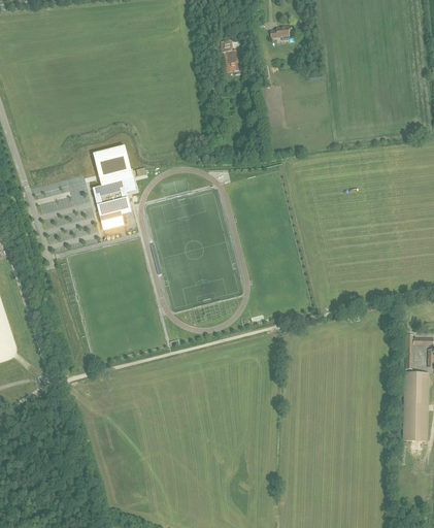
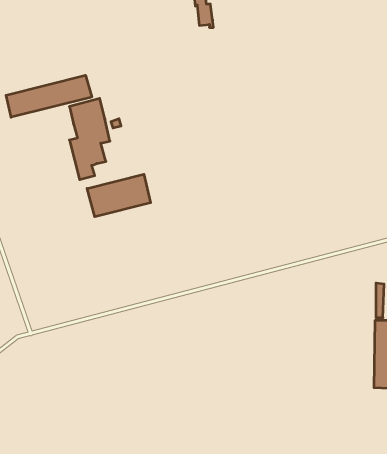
building: none -> [6,75,92,117]
building: none -> [87,174,151,217]

